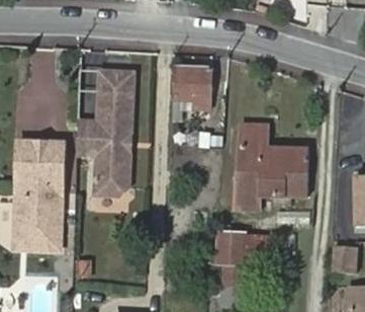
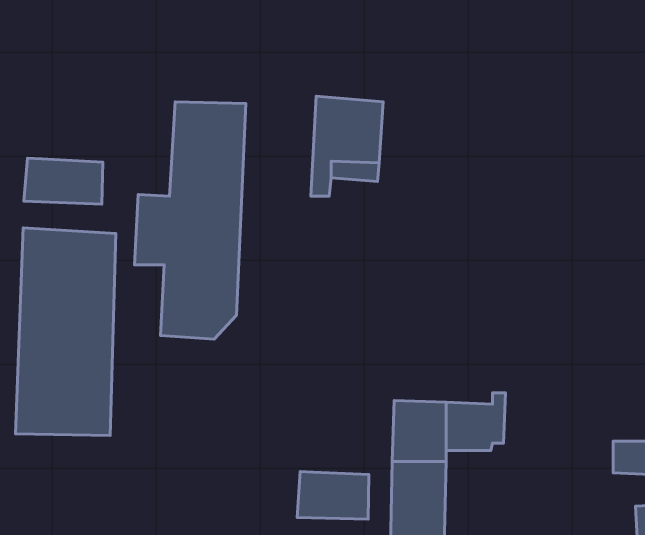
building: none -> [24,158,103,204]
building: [235,124,306,210] -> none
building: none -> [297,471,369,519]

